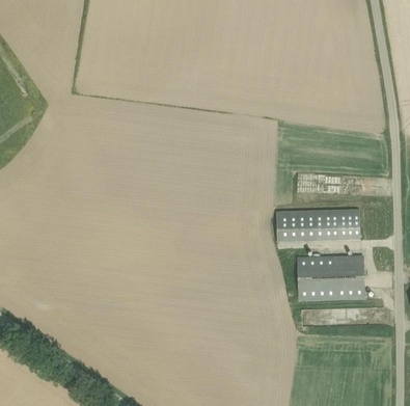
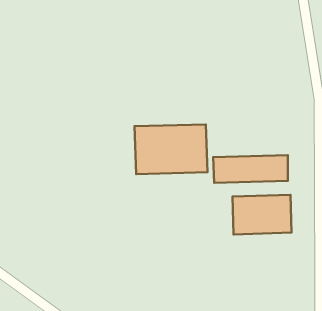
building: none -> [135,124,207,174]

